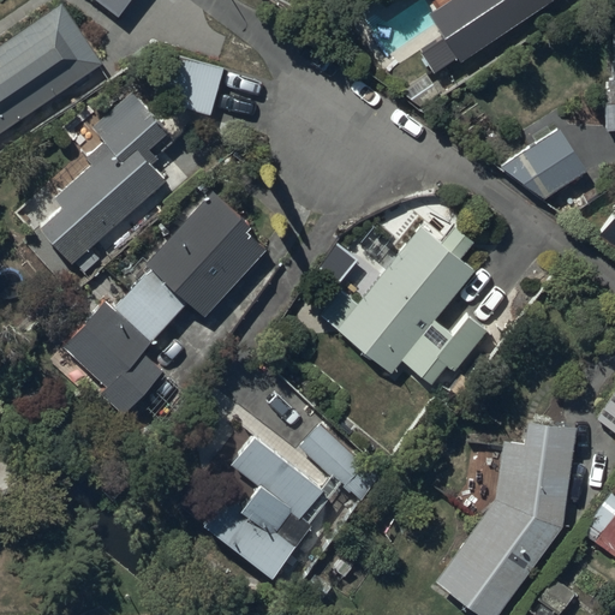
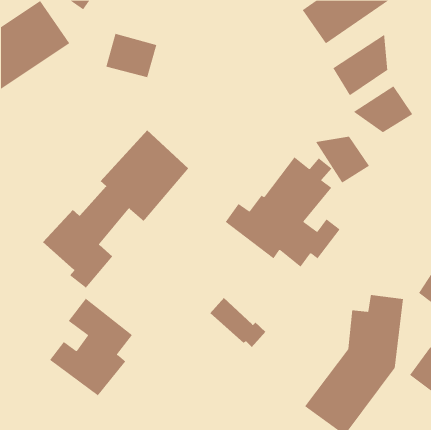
building: none -> [332,34,388,96]
building: [37,109,167,267] -> none
building: none -> [315,136,370,183]
building: [202,438,321,578] -> [49,298,133,396]

